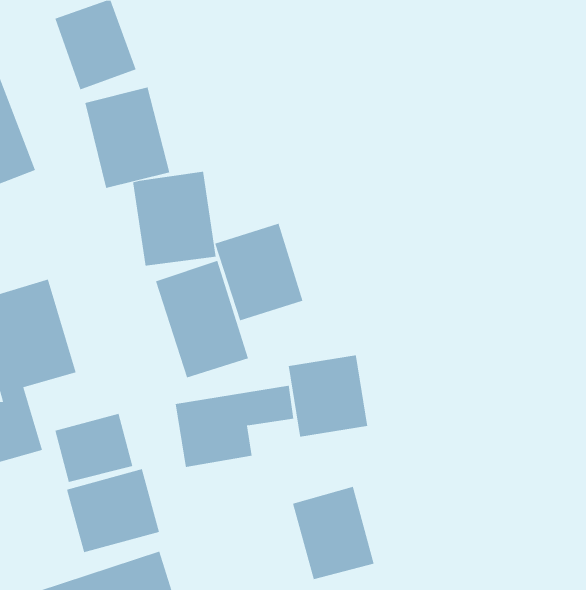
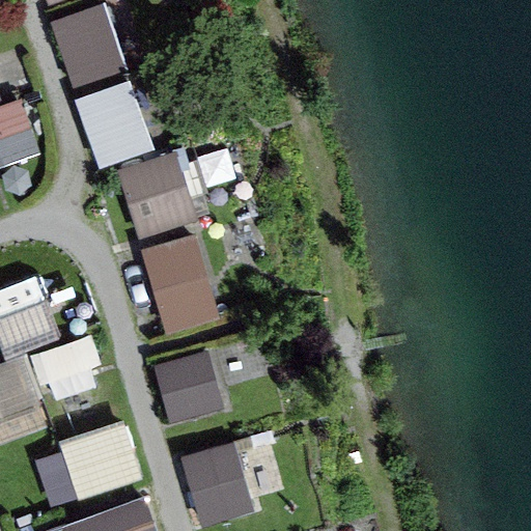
building: [215,223,303,321] -> none
building: [288,355,368,438] -> none
building: [292,486,374,580] -> [179,441,253,525]

